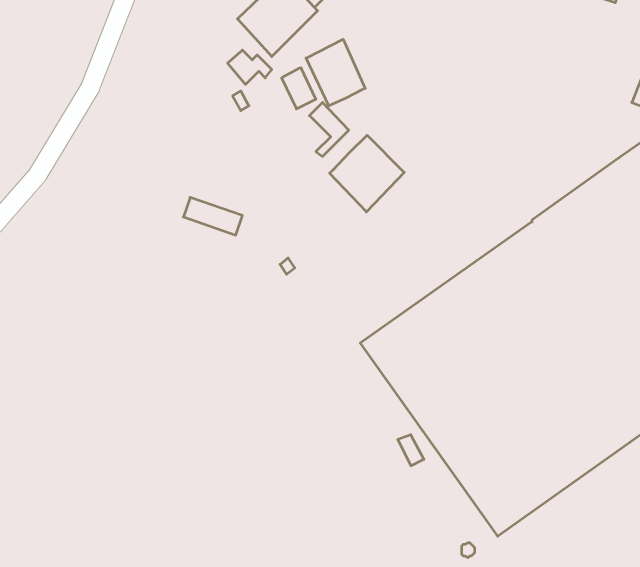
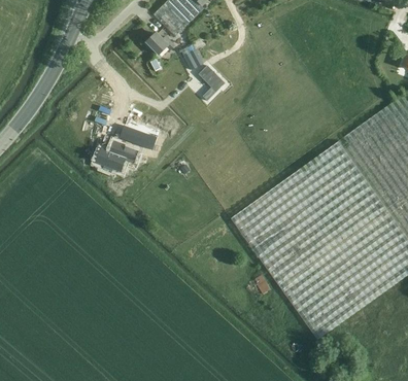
building: [306,39,365,106] -> none
building: [330,135,404,212] -> none
building: none -> [97,143,138,170]

